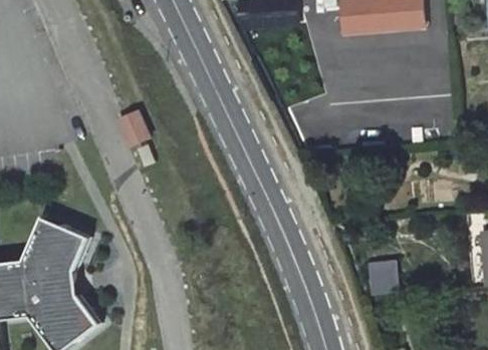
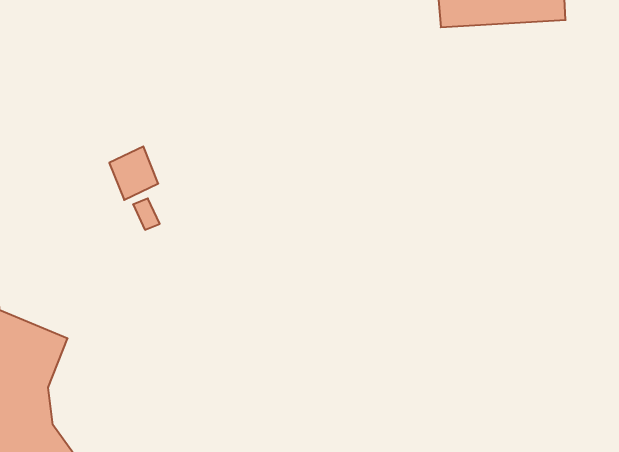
building: [368,259,398,292] -> none

